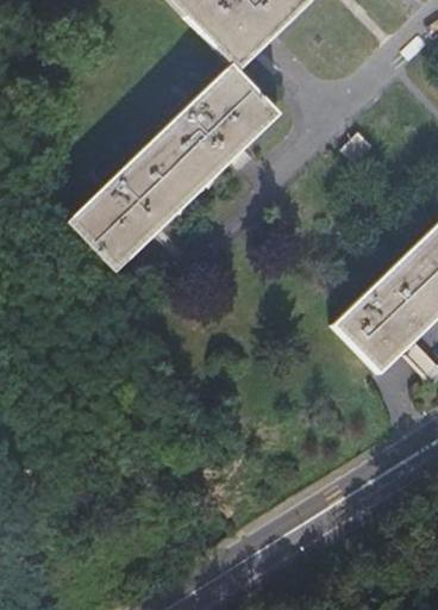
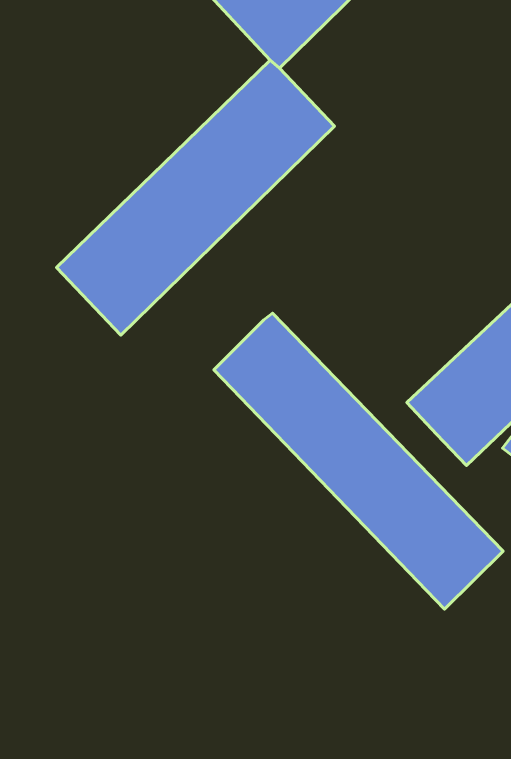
building: none -> [214,313,503,609]

